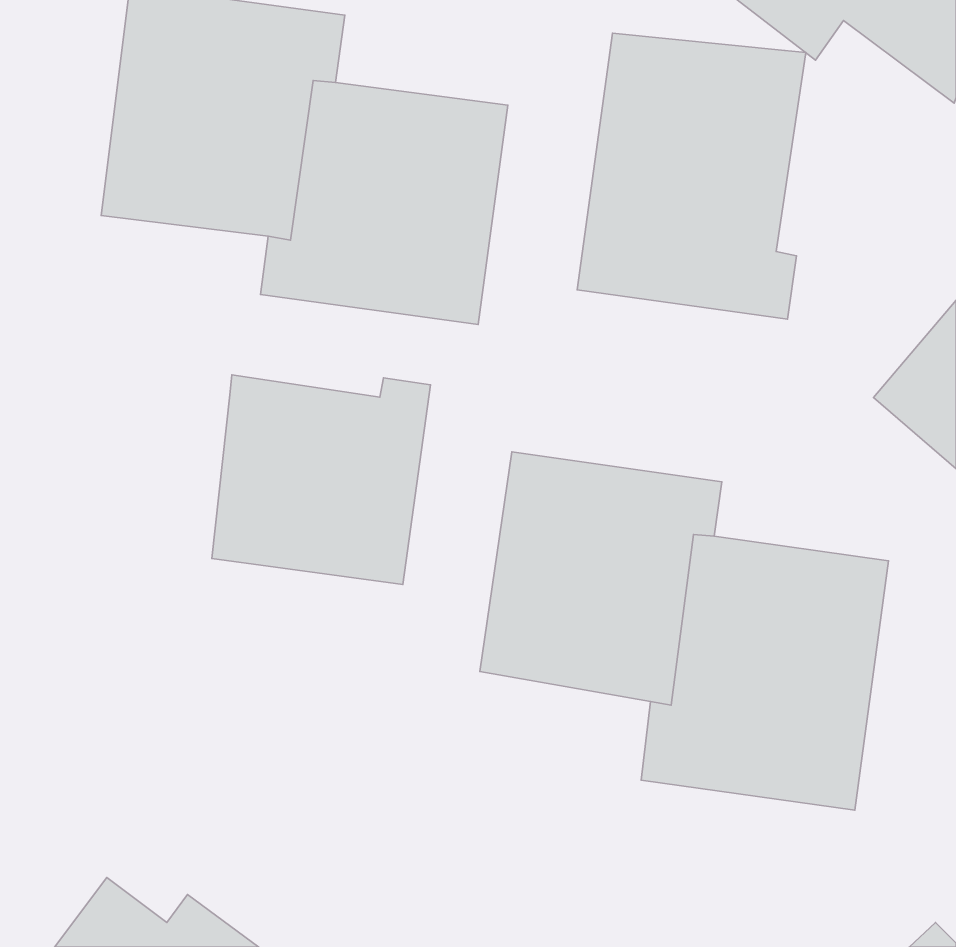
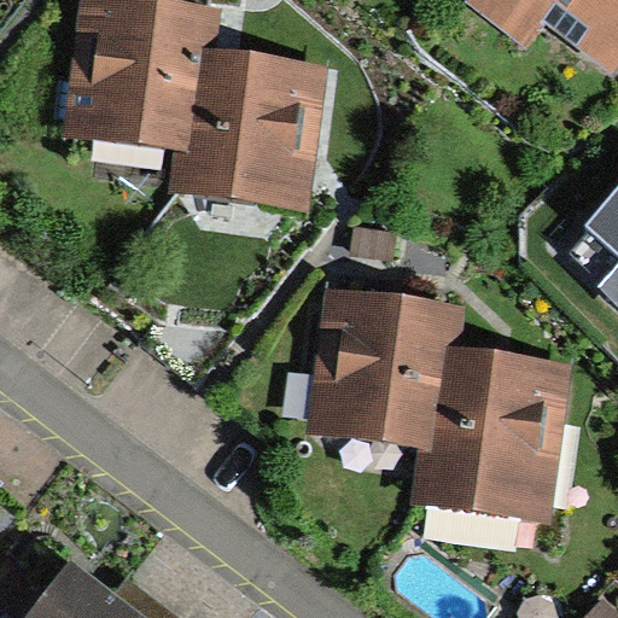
building: [577,33,806,319] -> none
building: [212,375,431,585] -> none

